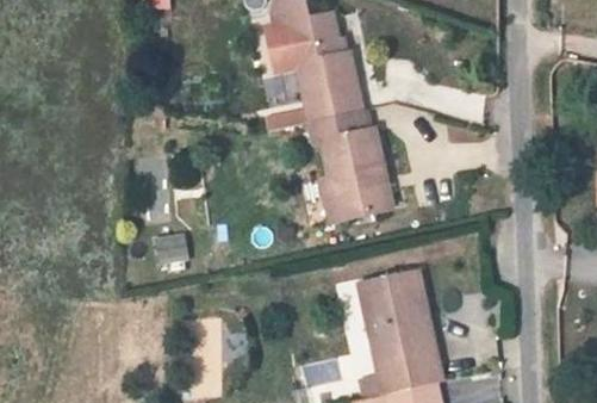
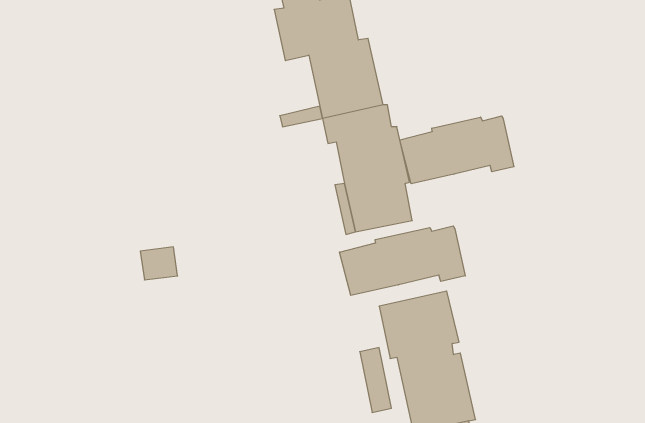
building: none -> [400,116,514,184]
building: none -> [339,226,465,295]

